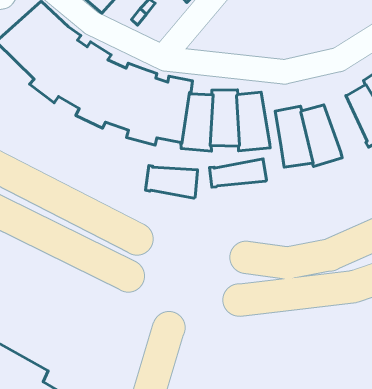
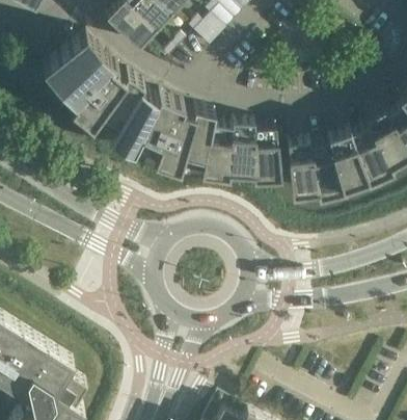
building: none -> [327,131,365,185]
building: [210,159,267,187] -> none
building: [146,165,198,198] -> none

